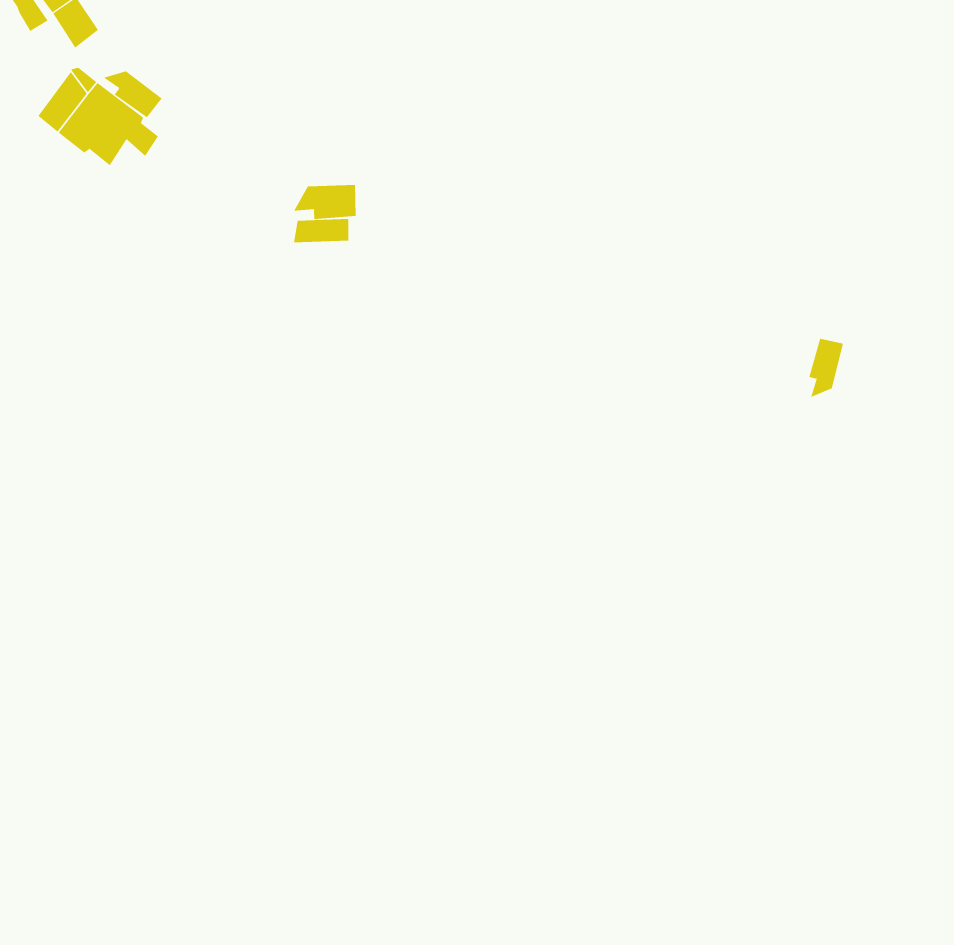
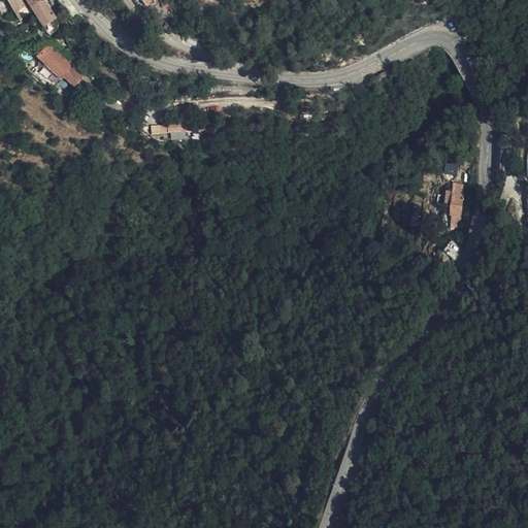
building: [102,70,163,118] -> none
building: [293,184,356,220] -> none

